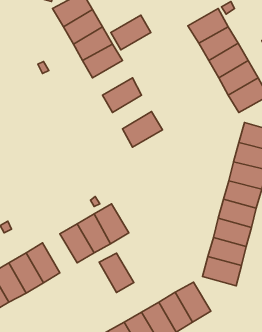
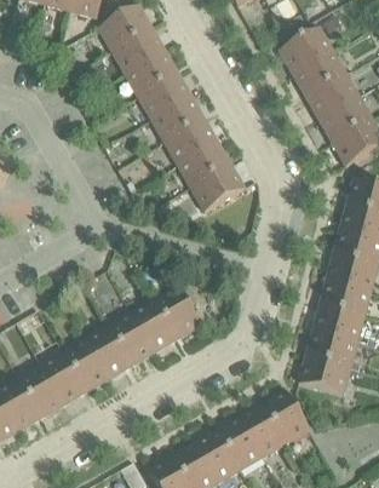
building: [111,15,151,50] -> [151,97,205,143]
building: none -> [178,143,230,188]
building: [99,253,134,292] -> [85,327,131,379]

